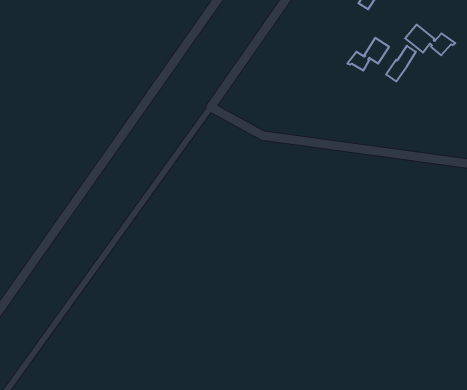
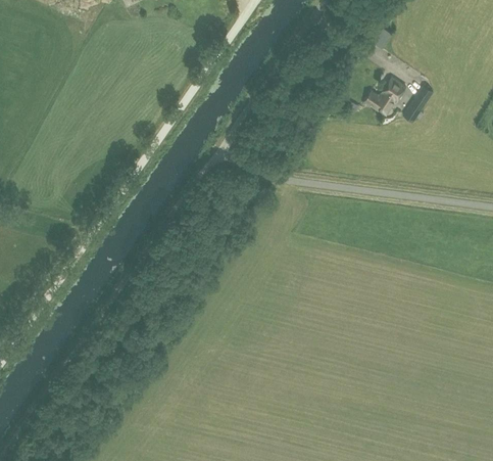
building: [405,25,455,55] -> none

